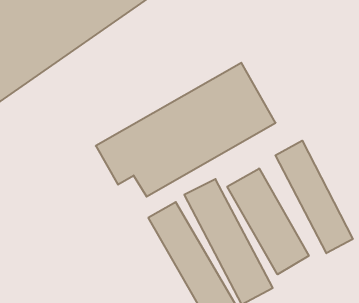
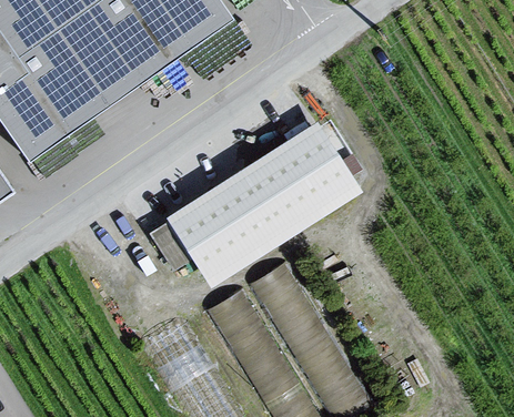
building: [275,141,353,253] -> none
building: [227,168,309,274] -> none

